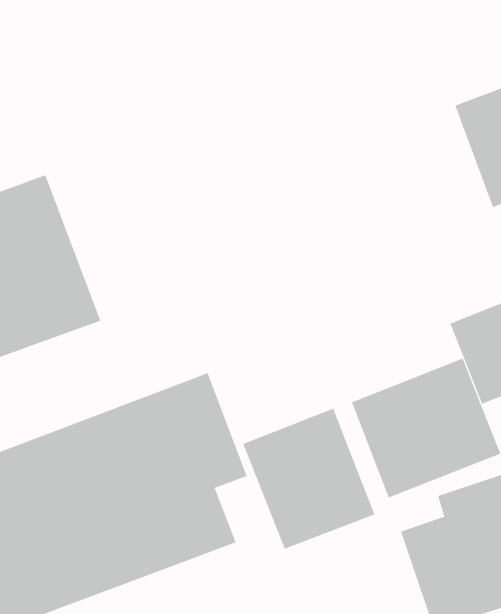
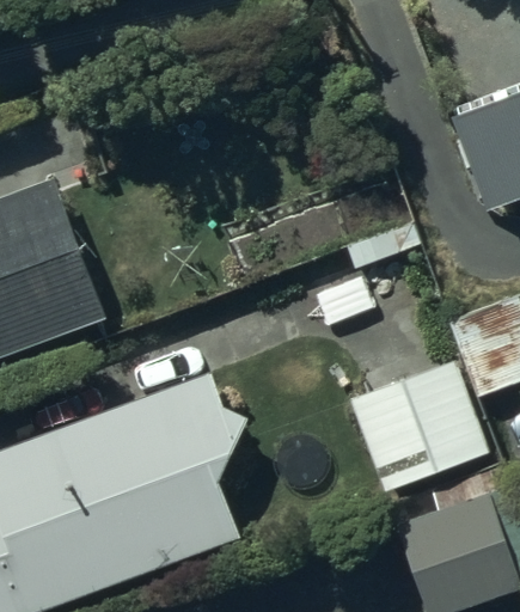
building: [242,408,375,550] -> none

